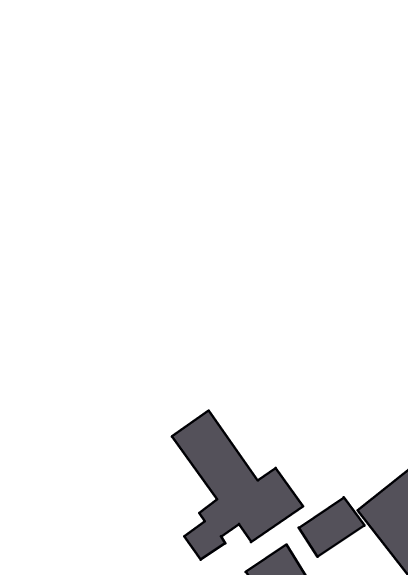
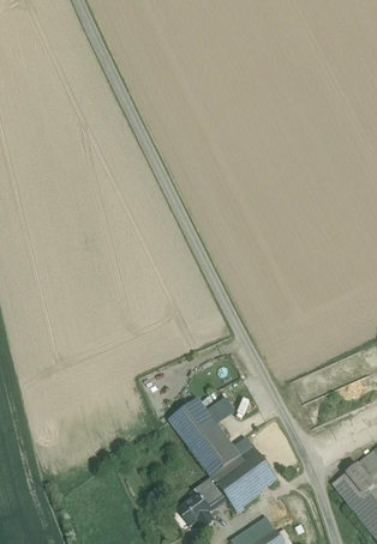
building: [299,497,364,557] -> none

